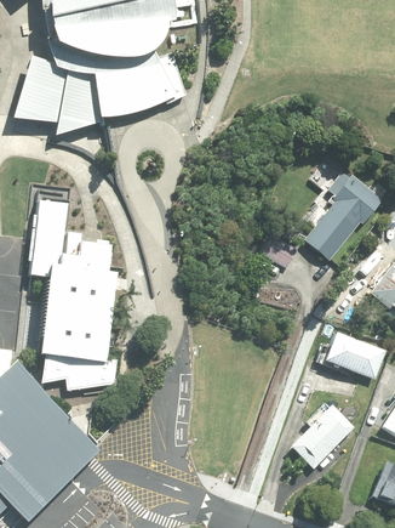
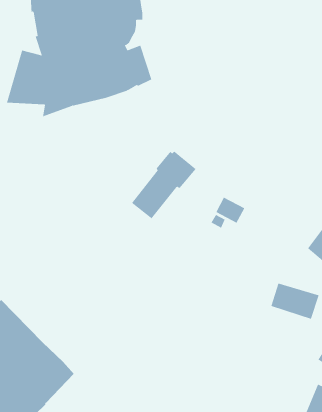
building: [307,178,384,260] -> [131,151,197,219]
building: [29,186,121,390] -> none
building: [293,408,354,470] -> none

